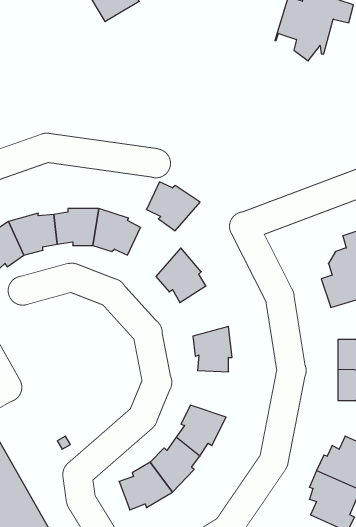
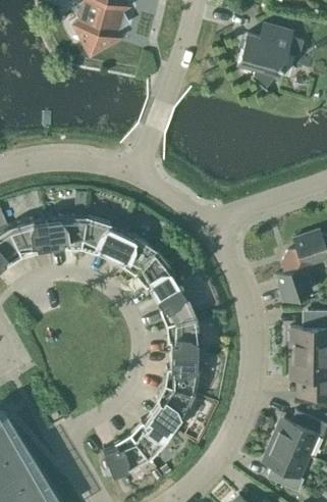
building: [146,182,200,231] -> [110,232,156,273]
building: none -> [155,282,197,324]
building: none -> [164,354,199,394]

